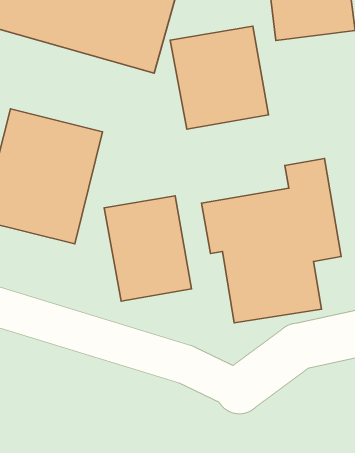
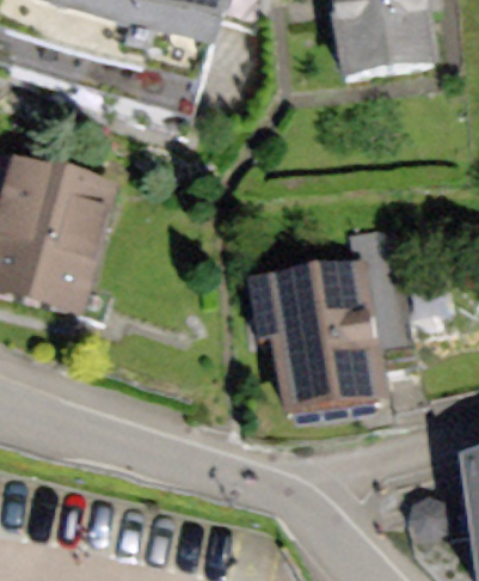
building: [170,26,268,129] -> none
building: [104,196,191,301] -> none

